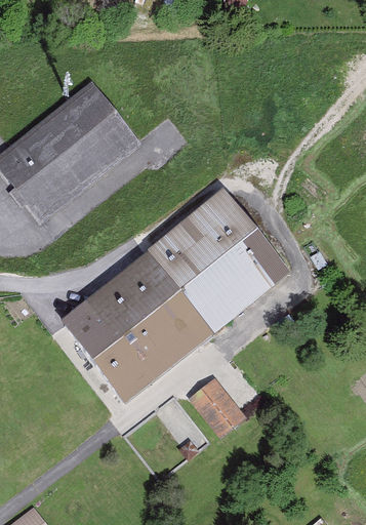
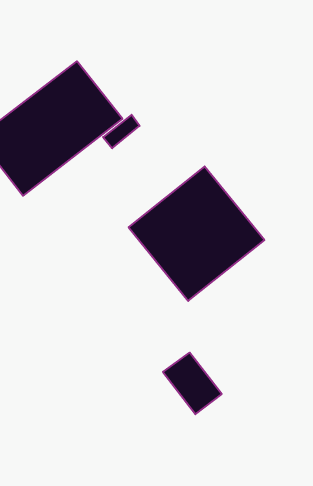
building: [67,252,206,391] -> none

